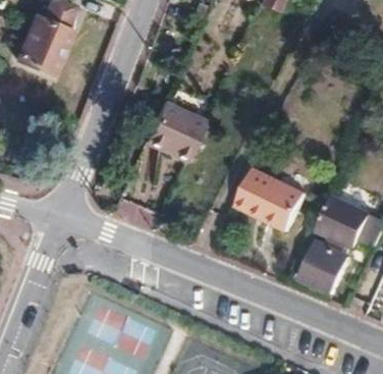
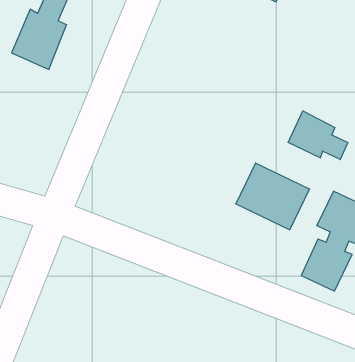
building: [144,104,205,164] -> none
building: none -> [288,111,348,160]

